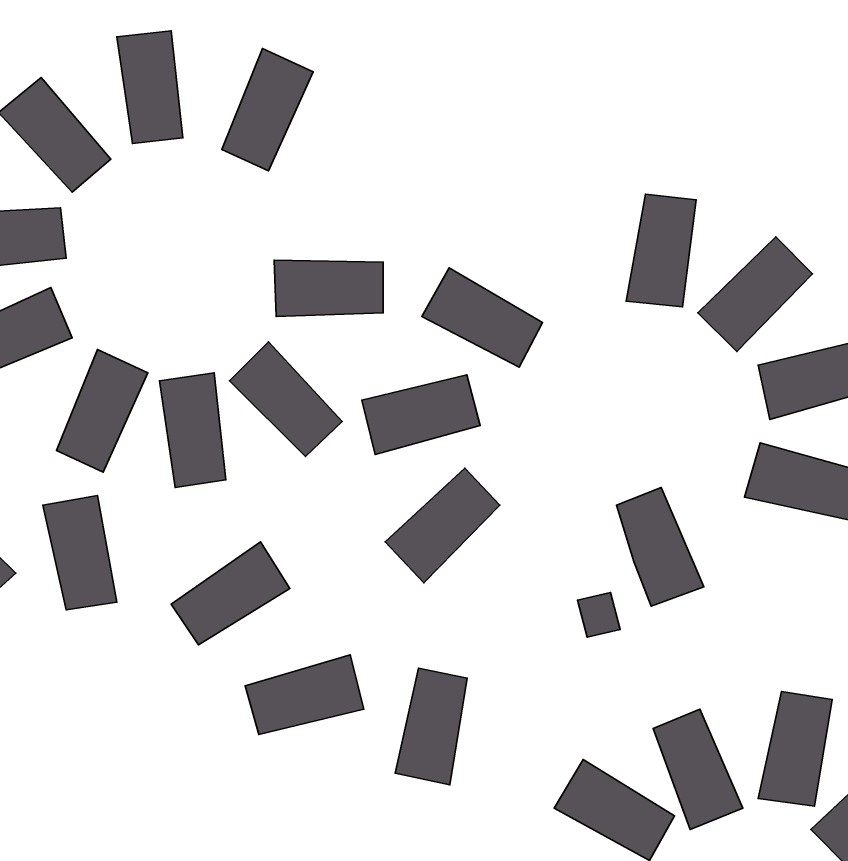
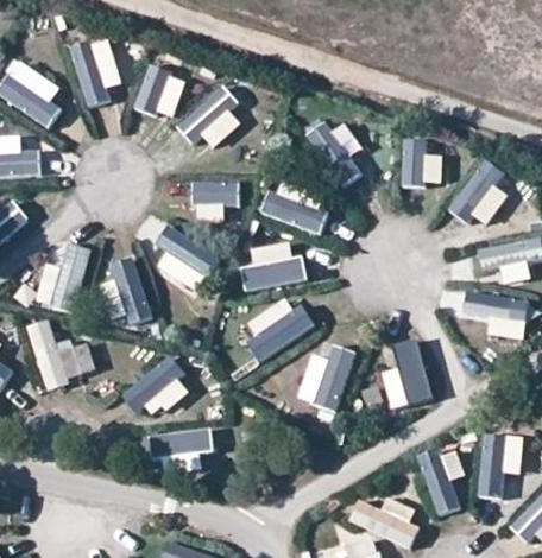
building: none -> [179,88,253,152]
building: none -> [311,123,367,197]
building: [395,668,467,785] -> [314,335,358,406]

